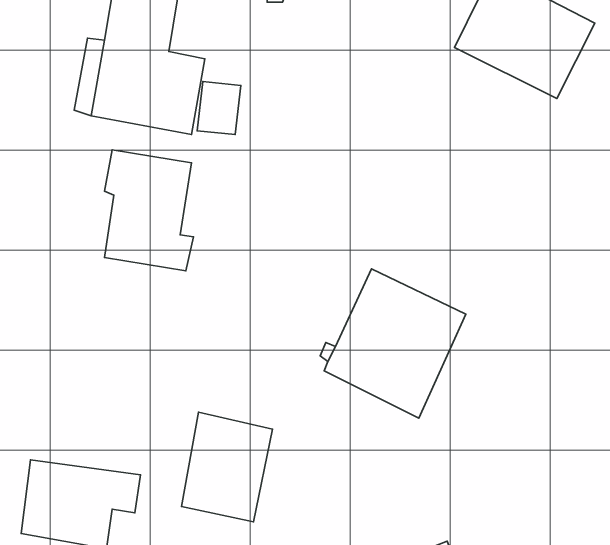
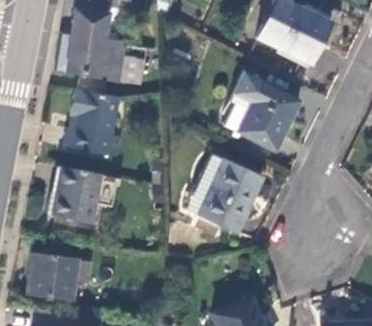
building: none -> [224,74,299,151]
building: [182,412,272,522] -> [52,166,100,224]

